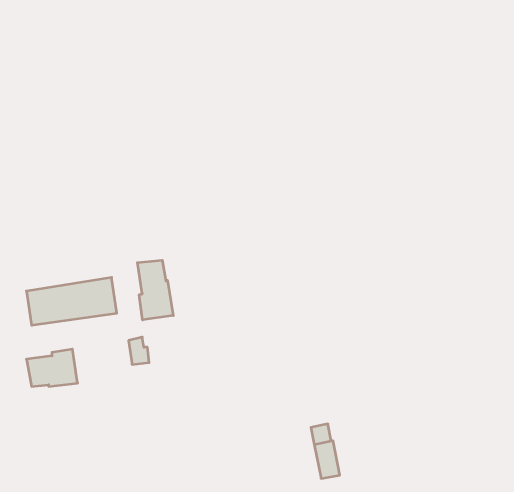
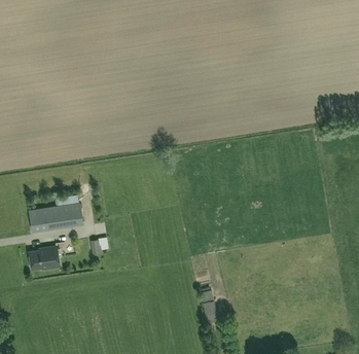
building: [137,260,173,320] -> none

